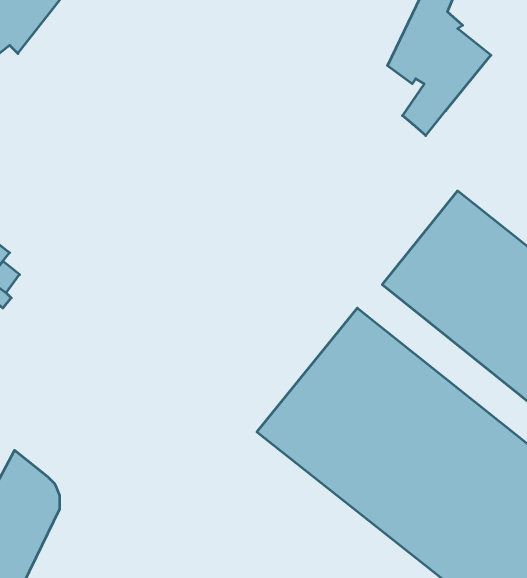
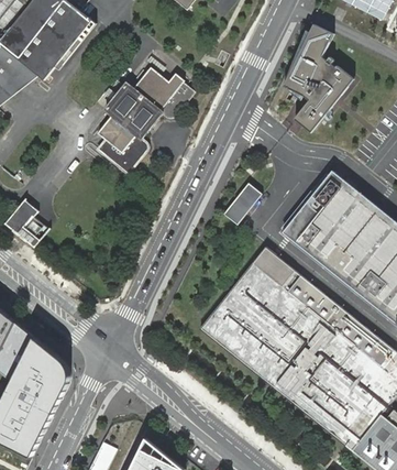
building: none -> [97,66,192,173]
building: none -> [223,182,261,223]

